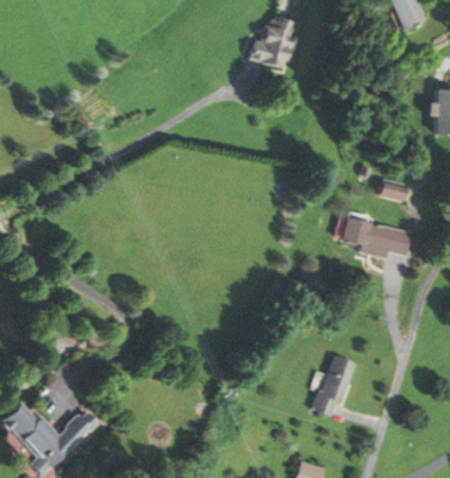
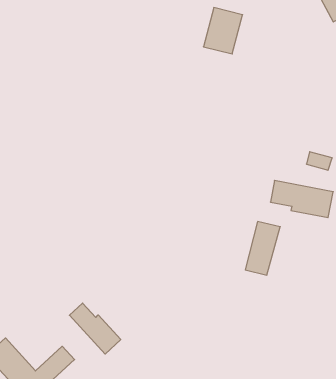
building: [308,355,349,417] -> [245,222,280,275]
building: none -> [69,303,121,354]

